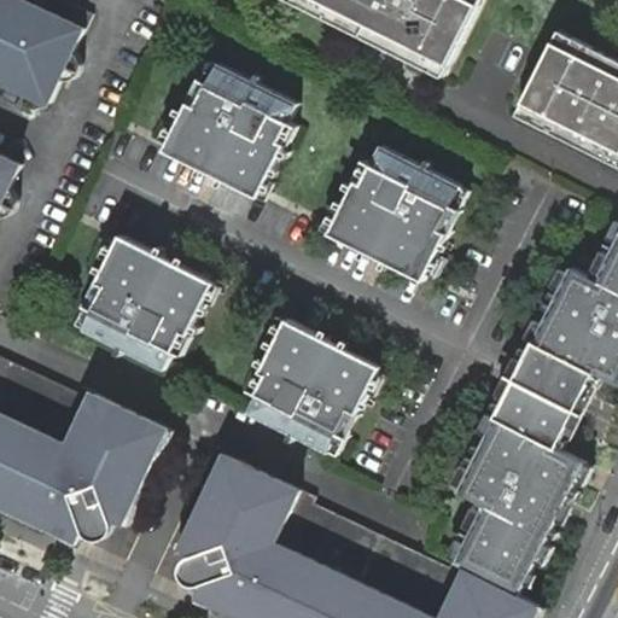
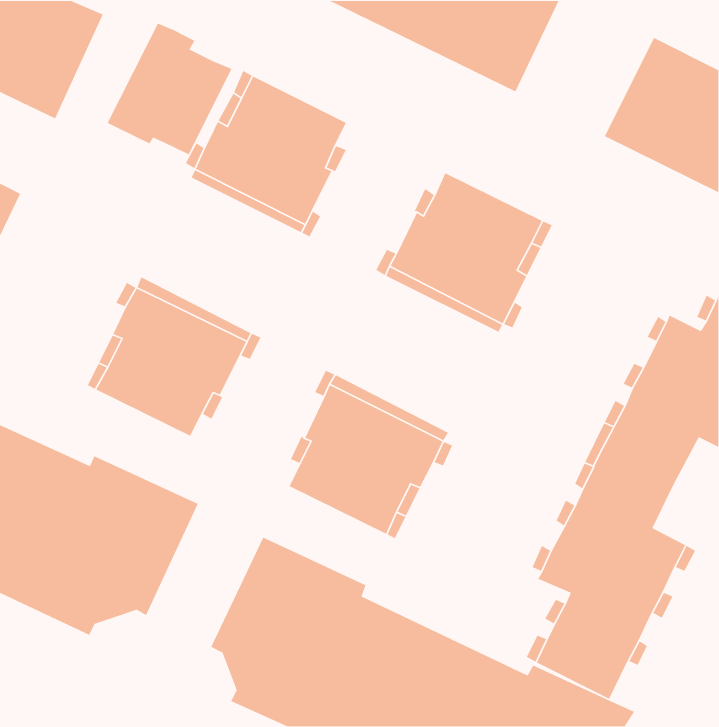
building: none -> [107,23,232,155]

